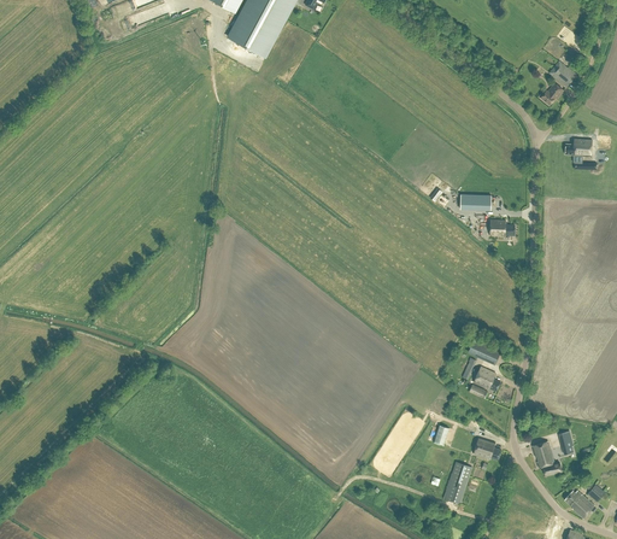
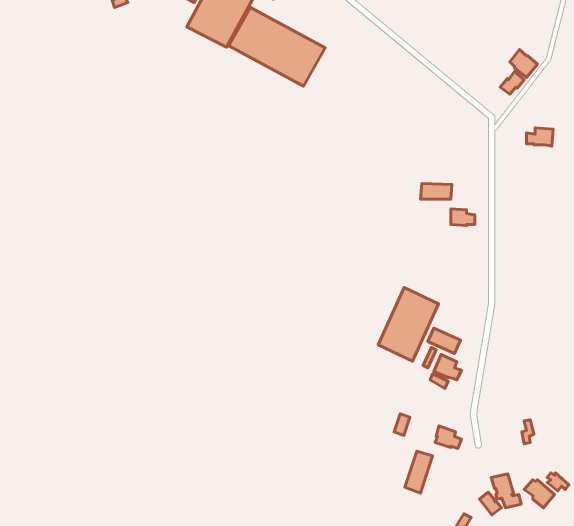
building: none -> [229,8,325,86]
building: none -> [378,288,438,361]
building: [530,441,560,475] -> [491,474,521,508]

